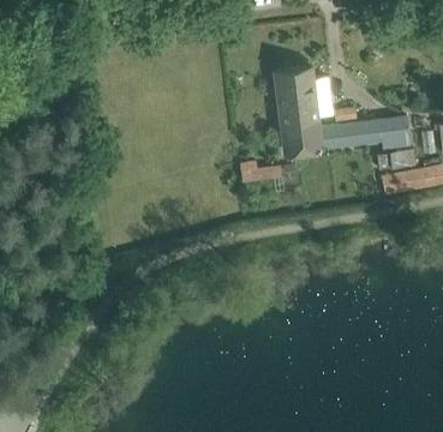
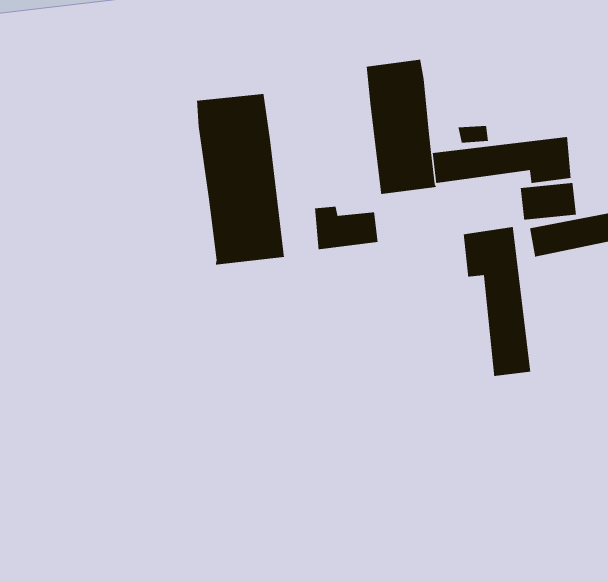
building: none -> [196,93,285,265]
building: none -> [463,226,531,377]

